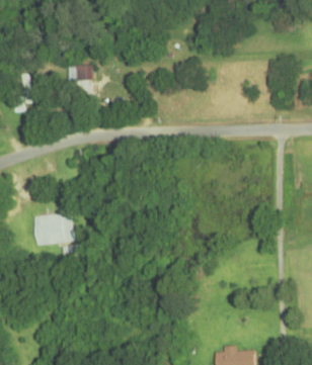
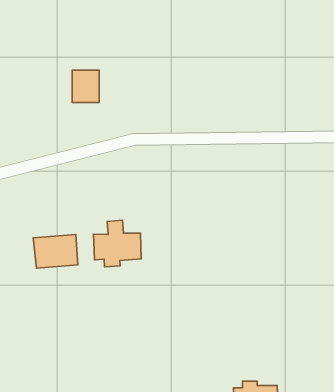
building: none -> [94,220,141,267]

